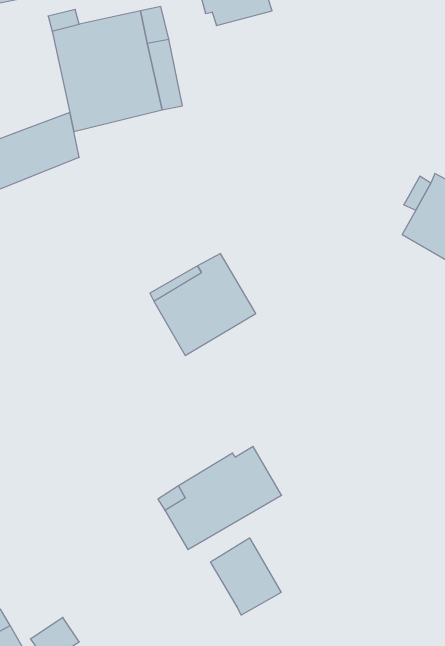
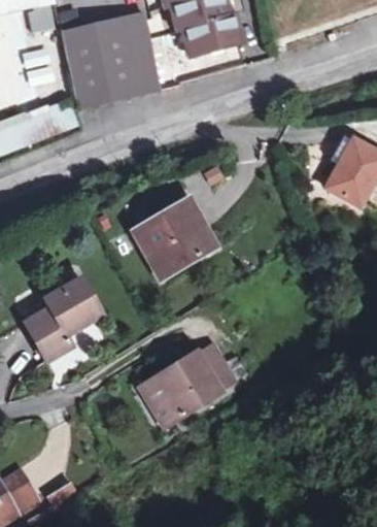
building: none -> [184,13,238,53]
building: none -> [26,279,100,360]
building: [211,538,281,615] -> none

